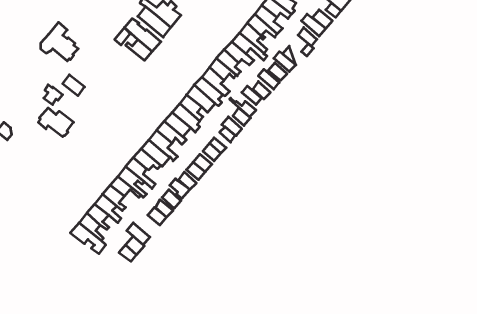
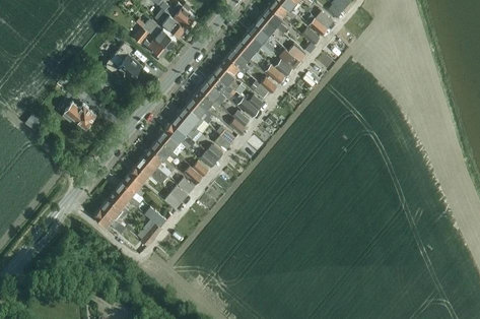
building: [41,22,78,61] -> [108,42,142,77]

